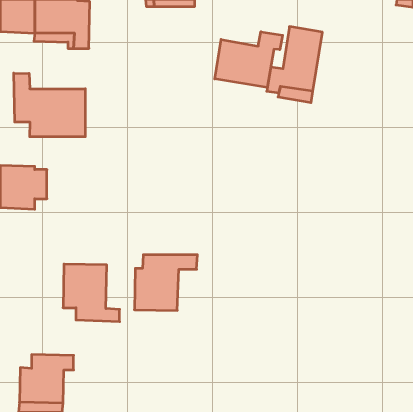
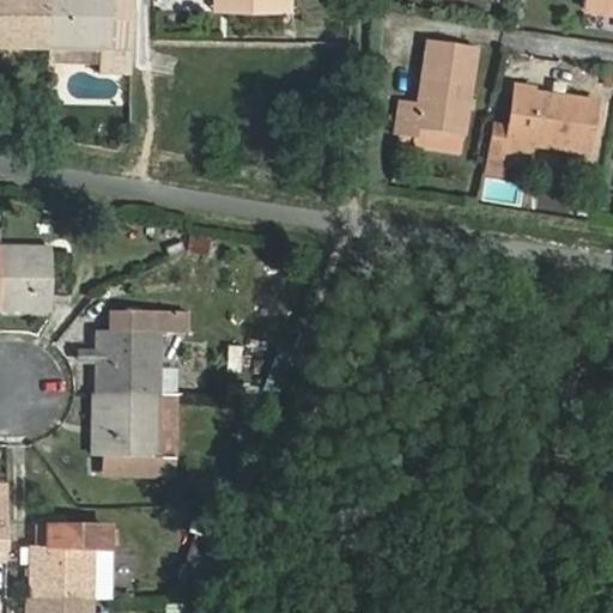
building: [215,32,283,88] -> none
building: none -> [503,89,599,156]
building: [14,73,85,137] -> none
building: [134,255,197,310] -> [95,310,188,393]

